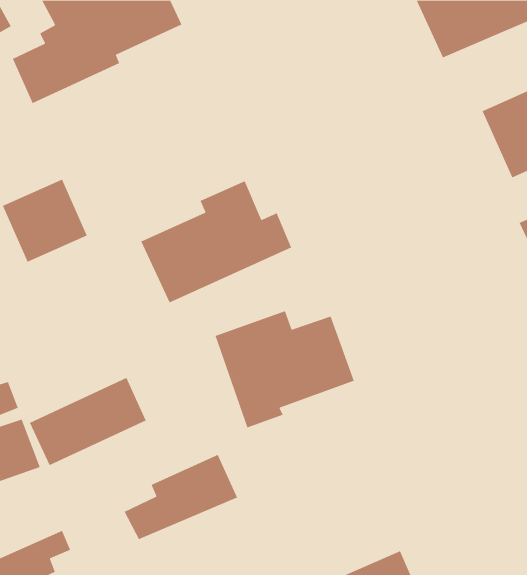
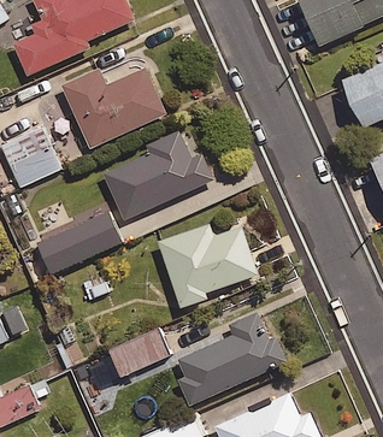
building: none -> [59,67,165,148]
building: [29,377,147,466] -> [41,212,125,276]
building: none -> [176,312,287,406]

